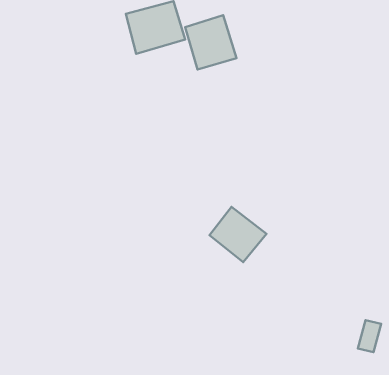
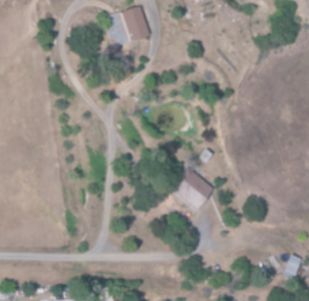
building: [185,15,236,69] -> none

